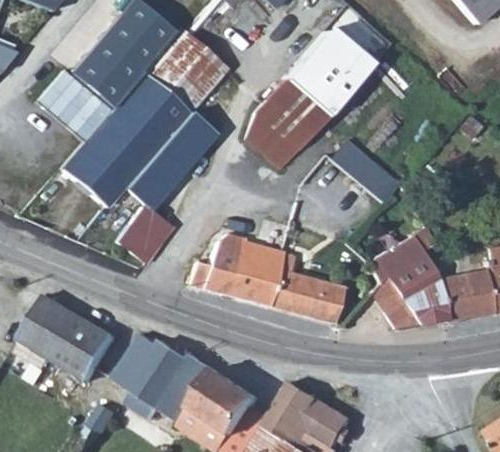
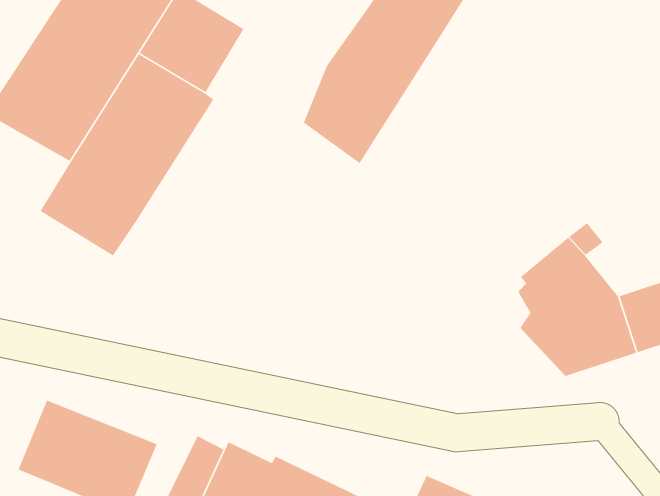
building: [126,112,214,207] -> none
building: [331,138,398,202] -> none
building: [116,208,171,264] -> none
building: [193,234,343,323] -> none

